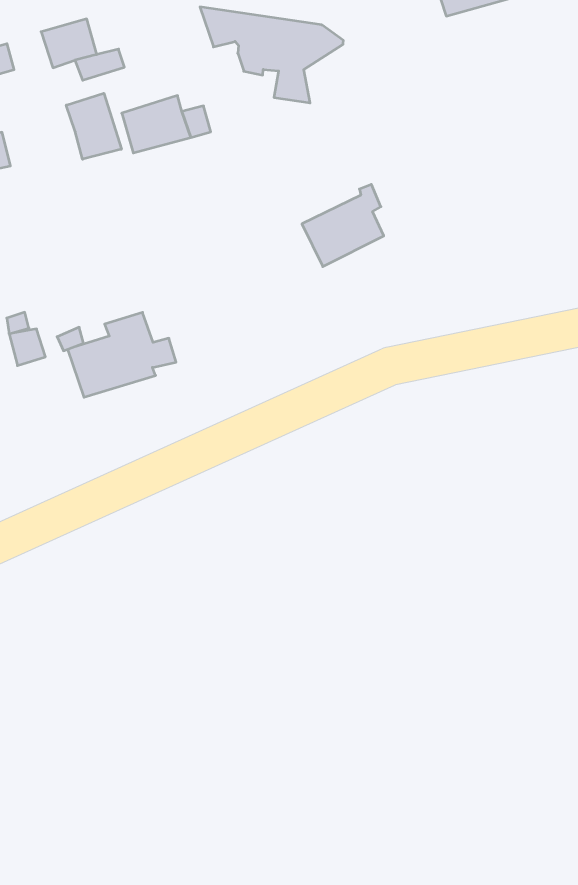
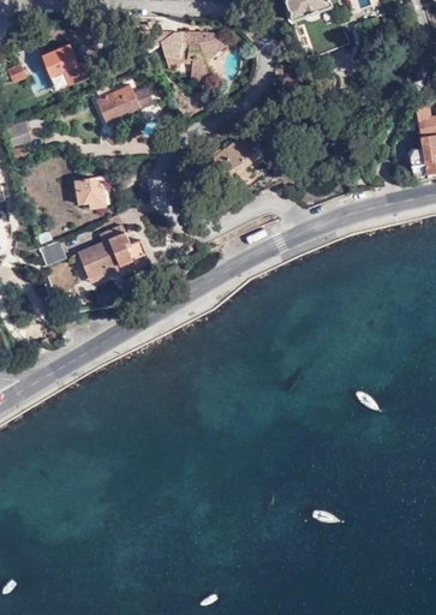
building: [66,93,121,159] -> none
building: none -> [78,178,107,205]

